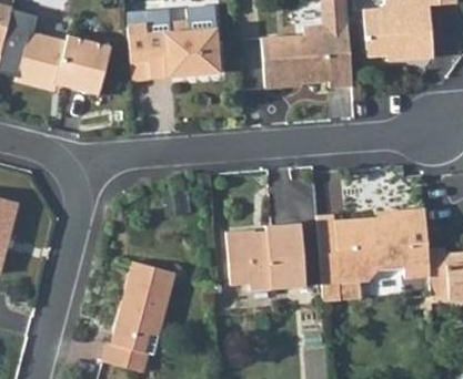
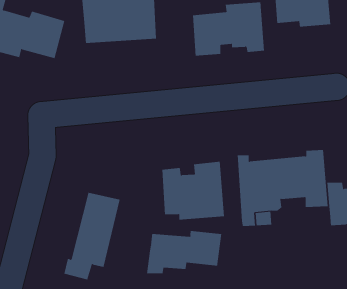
building: none -> [147,230,222,274]

